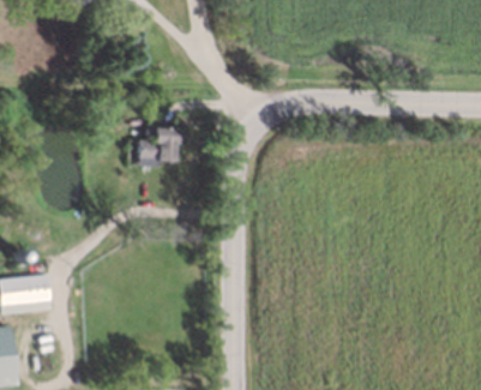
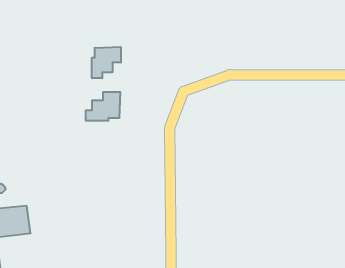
building: none -> [92,47,121,78]

